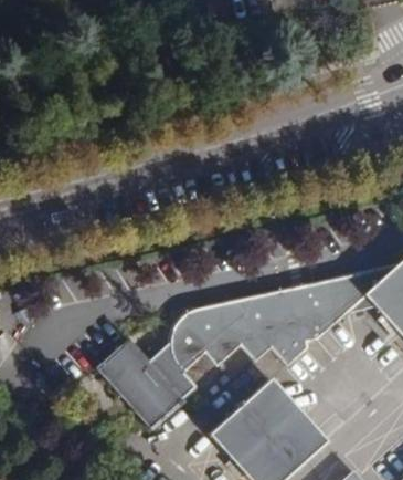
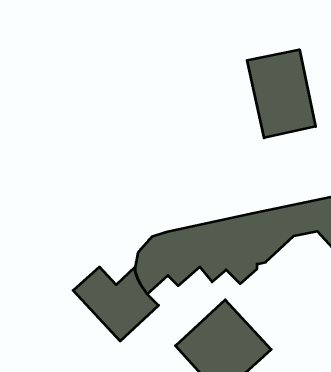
building: none -> [247,50,316,138]

